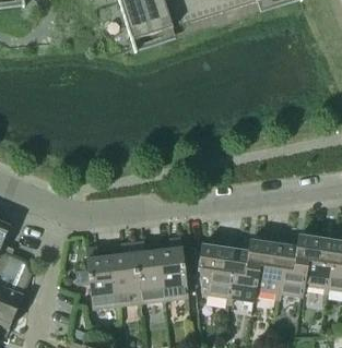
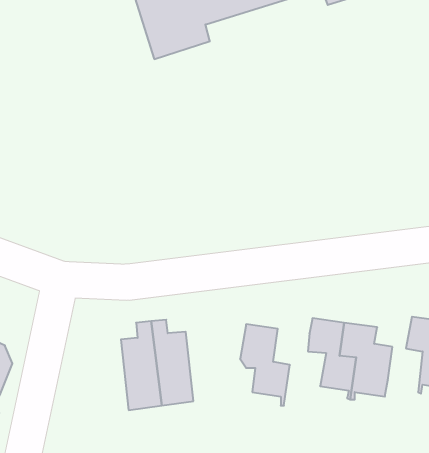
building: [294,233,329,292] -> none
building: [157,236,187,299] -> none
building: [85,245,116,308] -> none
building: [221,247,259,302] -> none

